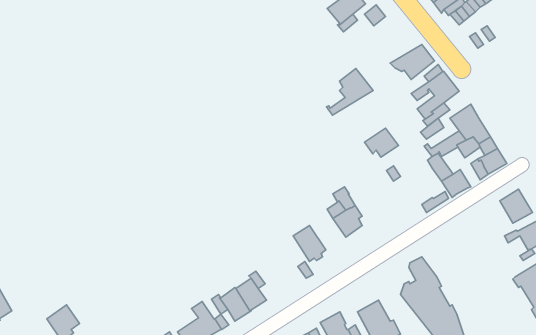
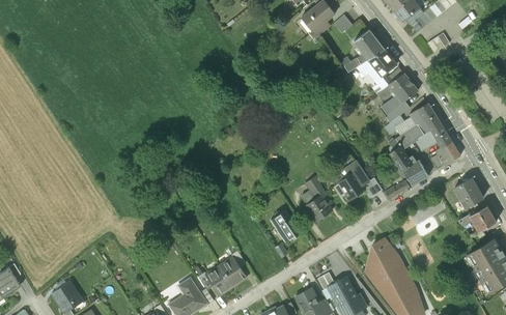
building: [327,68,373,115] -> [343,30,385,71]
building: [365,128,398,157] -> [335,173,365,199]

